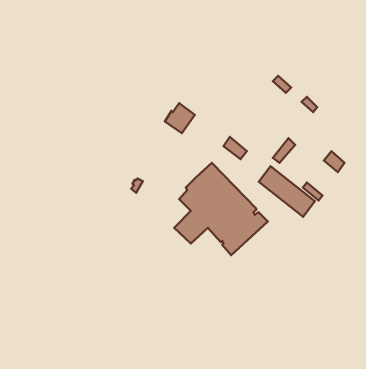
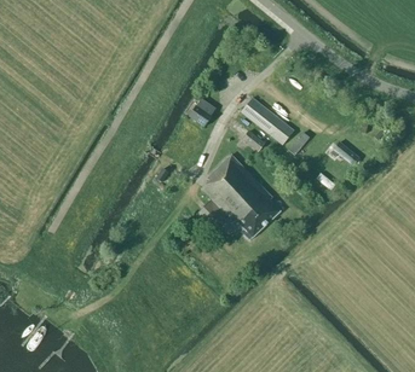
building: [259,166,315,217] -> [241,97,293,144]

